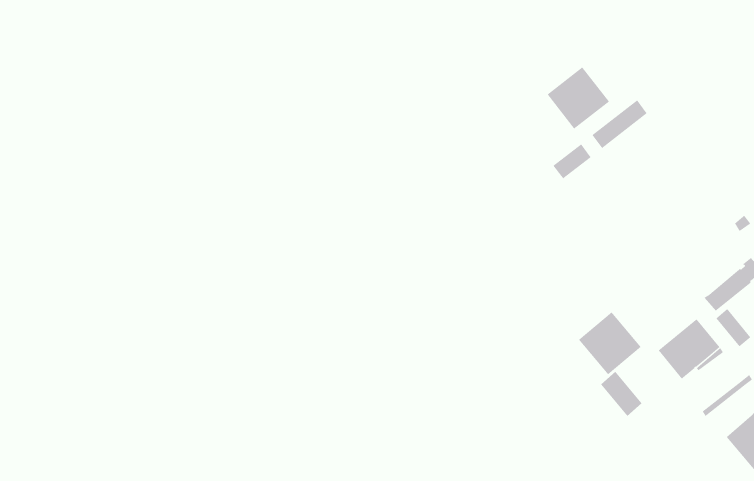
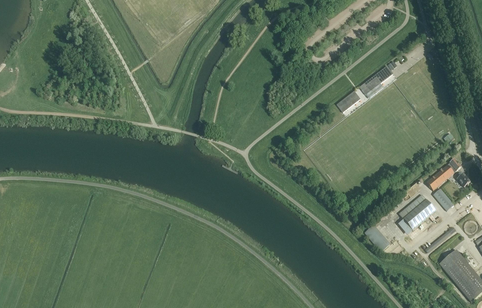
building: [547,67,610,130] -> none
building: [578,311,642,375] -> none

